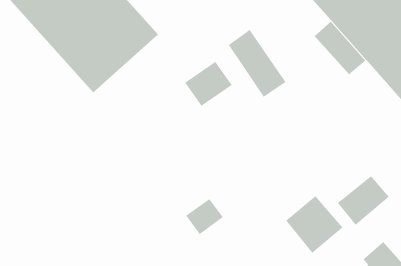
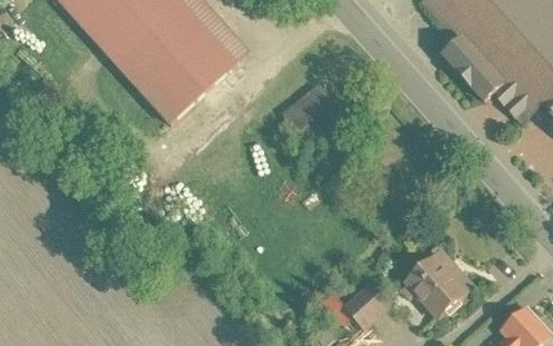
building: [228,29,287,98] -> none
building: [337,175,390,226] -> none
building: [185,198,224,235] -> [344,283,392,328]

